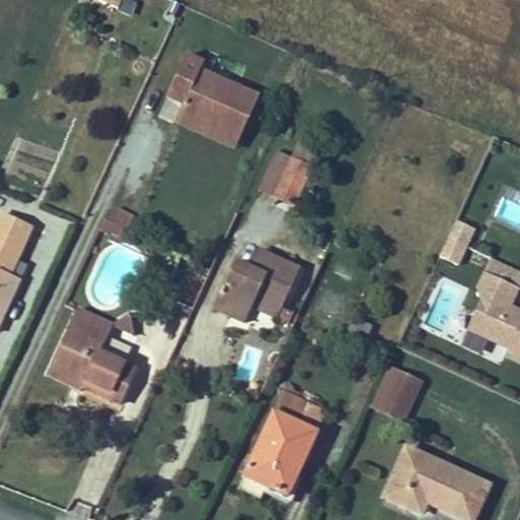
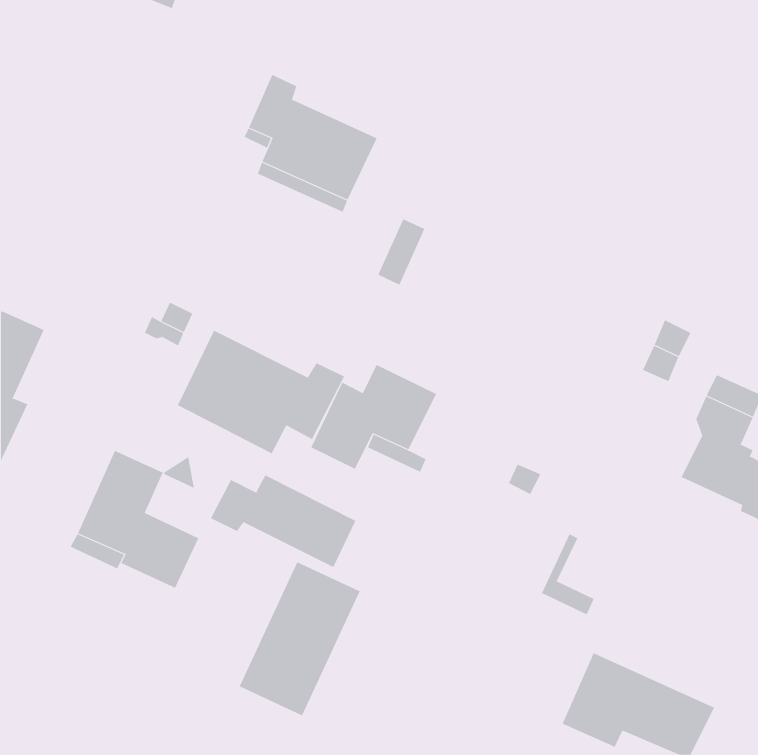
building: [274,156,312,204] -> none
building: none -> [177,330,345,454]
building: none -> [210,474,356,568]
building: [382,368,421,409] -> none
building: [244,389,327,495] -> [239,562,361,716]

